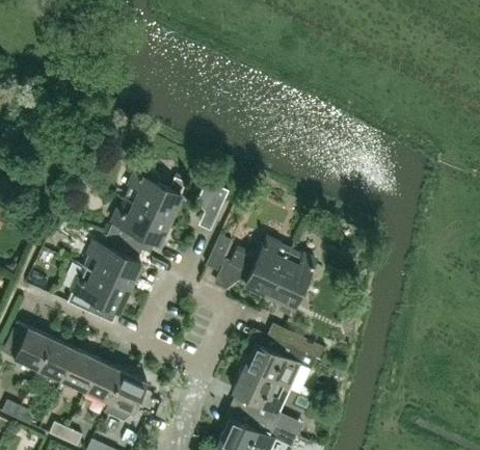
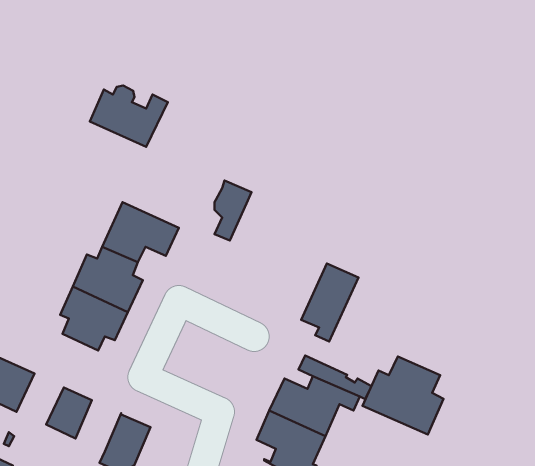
building: [124,170,187,220] -> [90,86,168,147]
building: [206,236,290,295] -> none
building: none -> [363,356,444,434]
building: [34,339,76,385] -> none
building: [85,361,123,402] -> none

